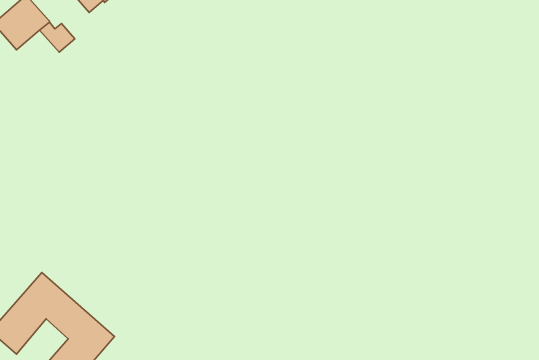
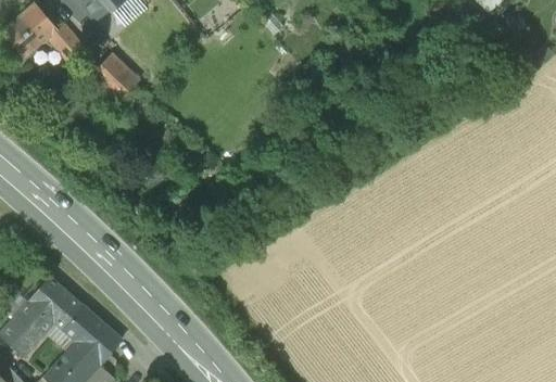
building: none -> [91,53,139,100]

